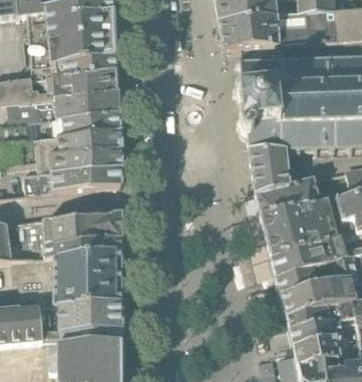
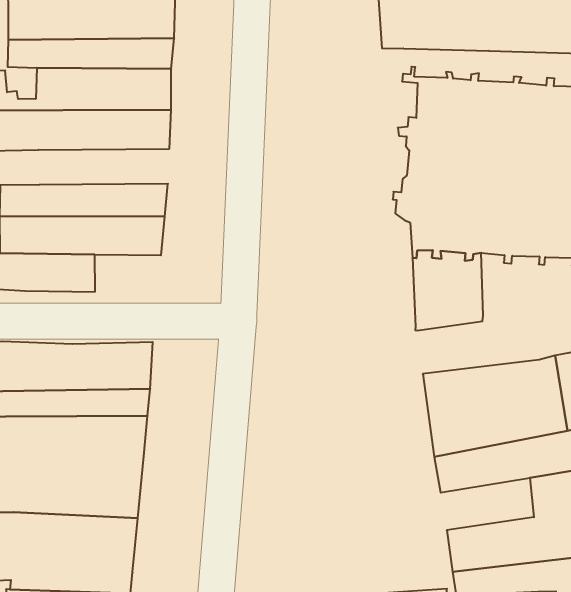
building: [52,111,120,136] -> none
building: [86,166,121,188] -> none
building: [256,177,320,215] -> none
building: [276,263,325,294] -> none

